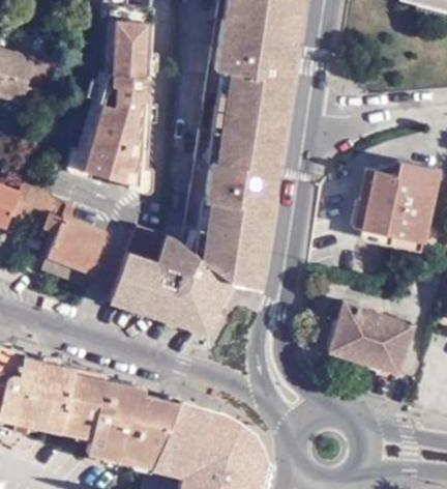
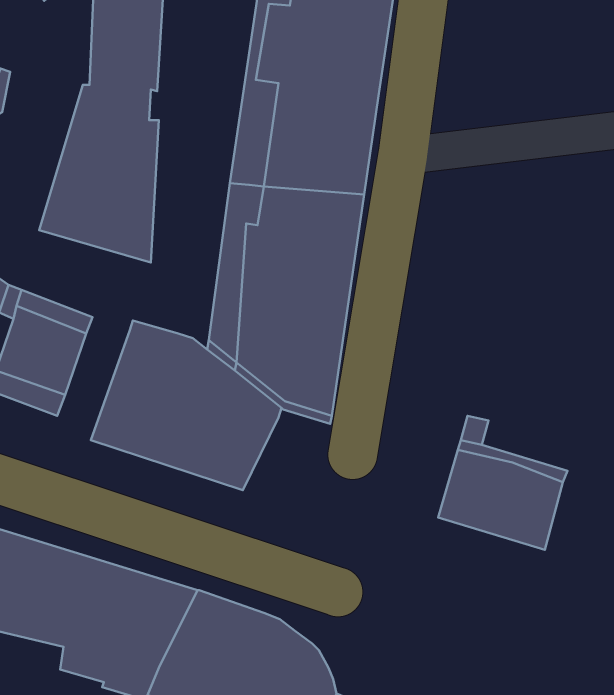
building: [360,164,436,243] -> none

